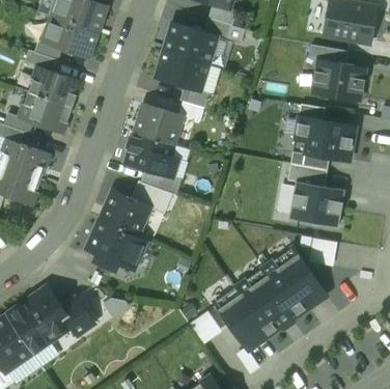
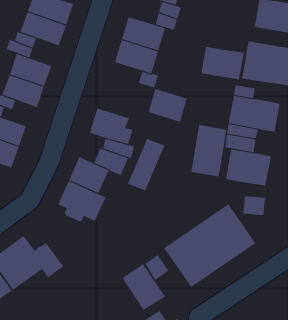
building: none -> [201,46,244,80]
building: [134,104,182,145] -> [148,88,187,123]
building: none -> [191,124,227,177]
building: none -> [127,138,165,191]
building: none -> [122,263,166,311]

